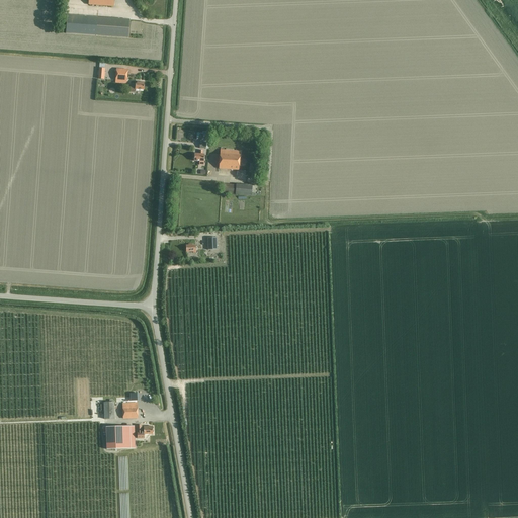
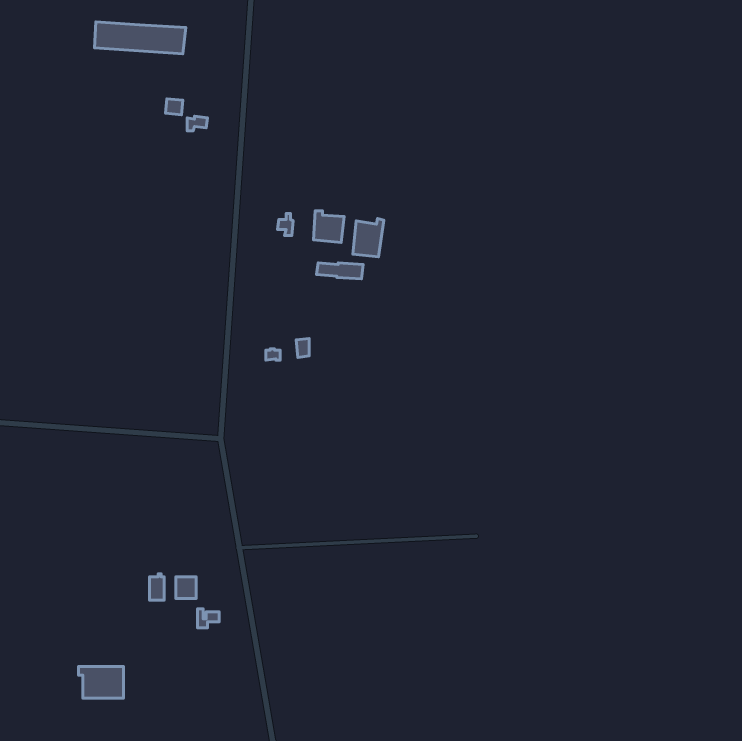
building: none -> [353,219,384,257]
building: [103,425,135,447] -> [78,666,123,698]

